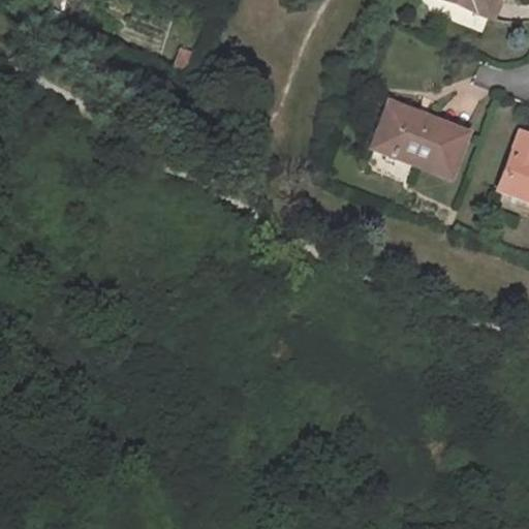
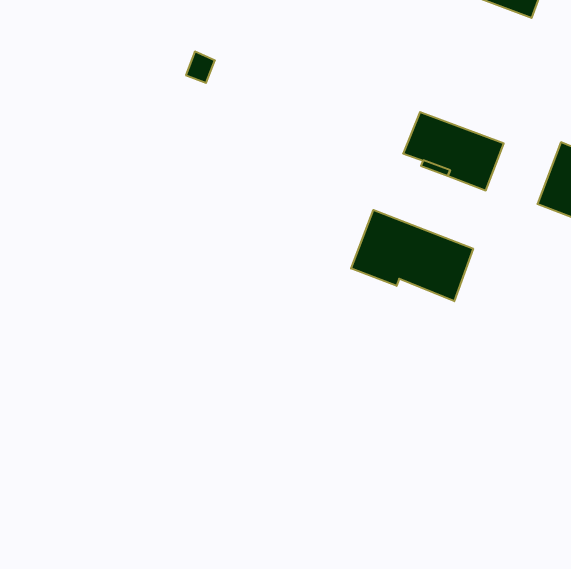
building: none -> [351,210,473,301]

